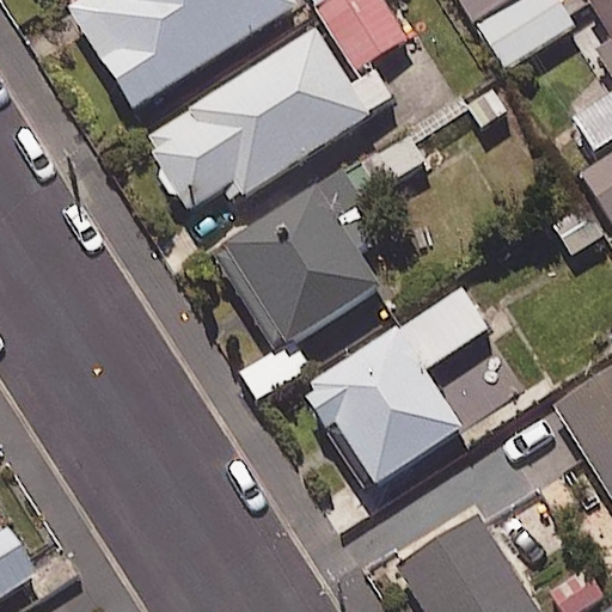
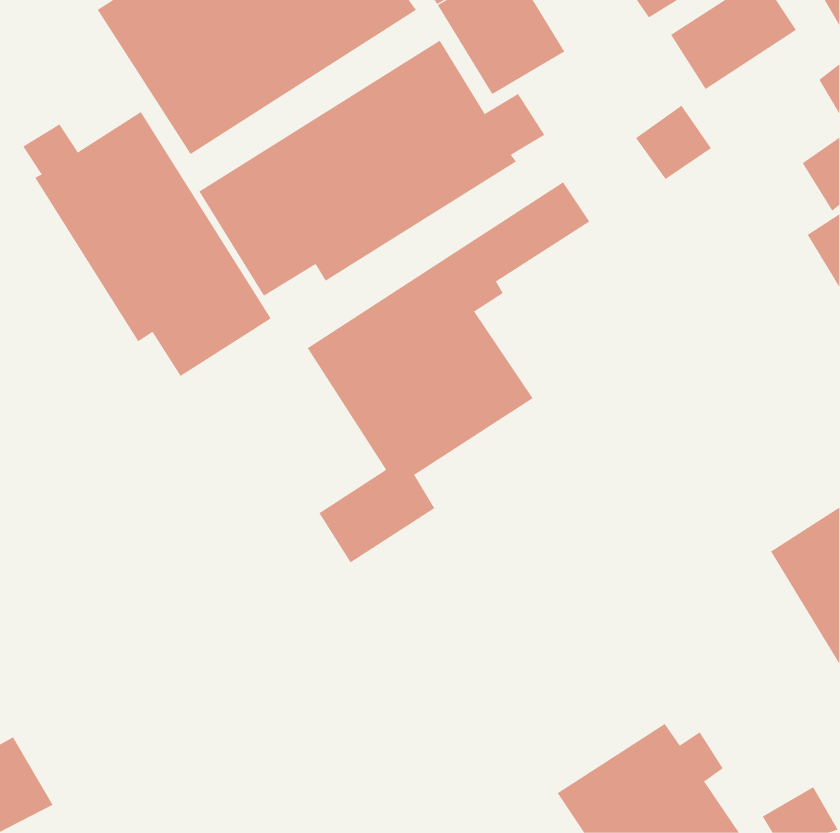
building: none -> [23,111,271,377]
building: [299,288,486,491] -> none

